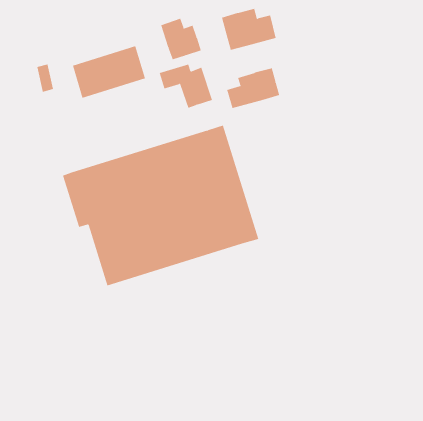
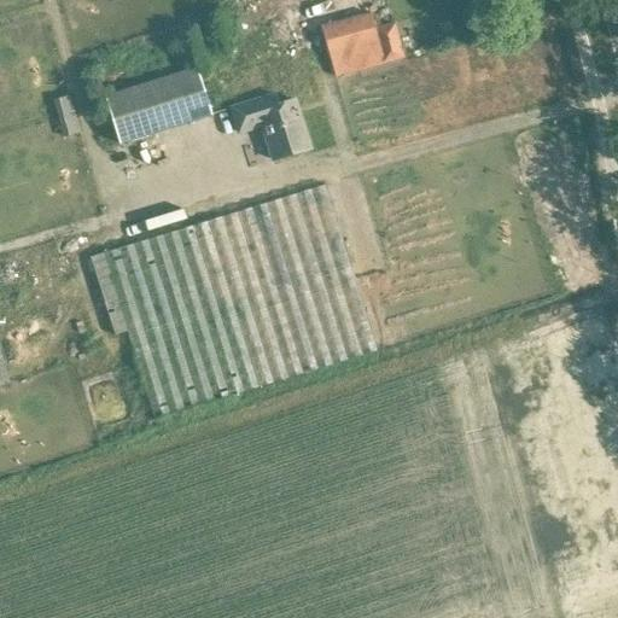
building: [161,18,201,60] -> none
building: [226,68,280,109] -> none

